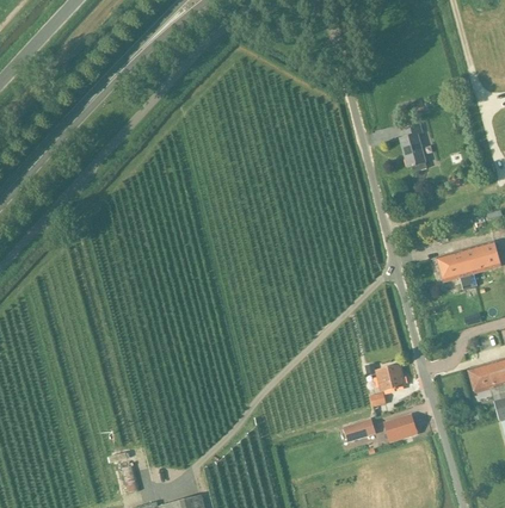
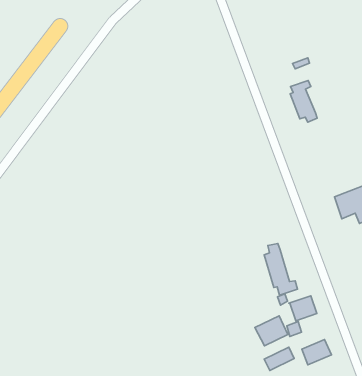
building: none -> [264,243,297,295]
building: none -> [255,316,288,346]

